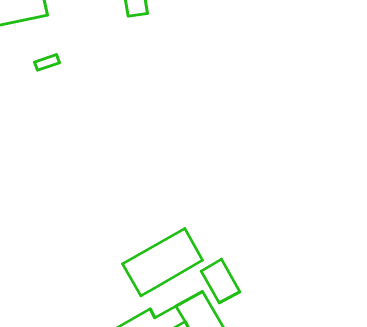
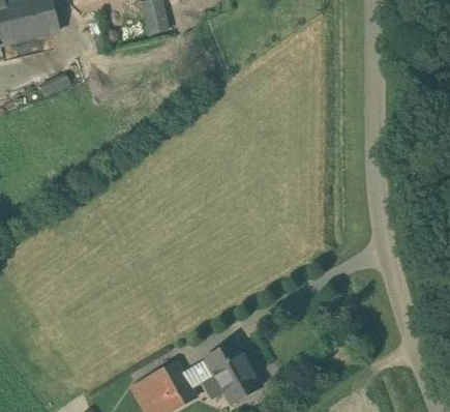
building: [123,228,202,296] -> none
building: [201,259,240,303] -> none

